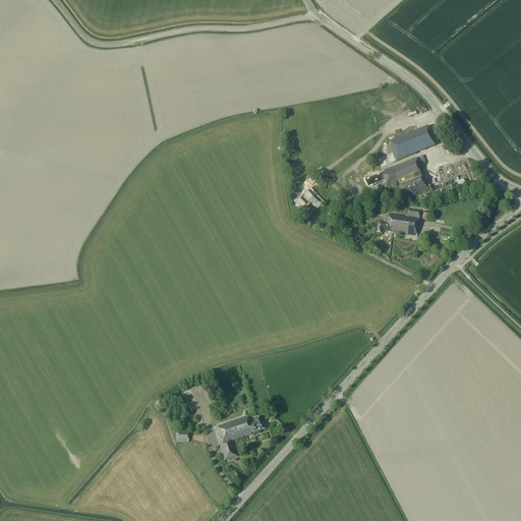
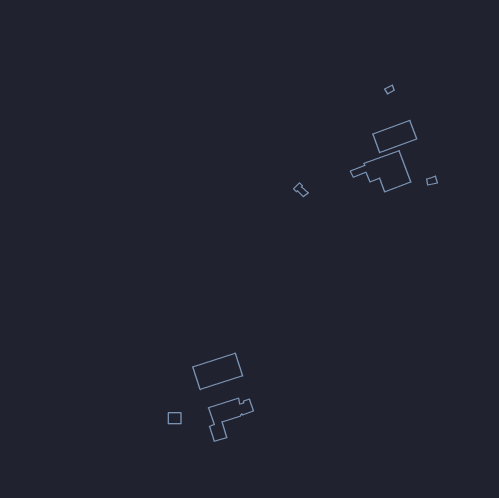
building: [375,208,419,235] -> none
building: none -> [193,353,243,390]

